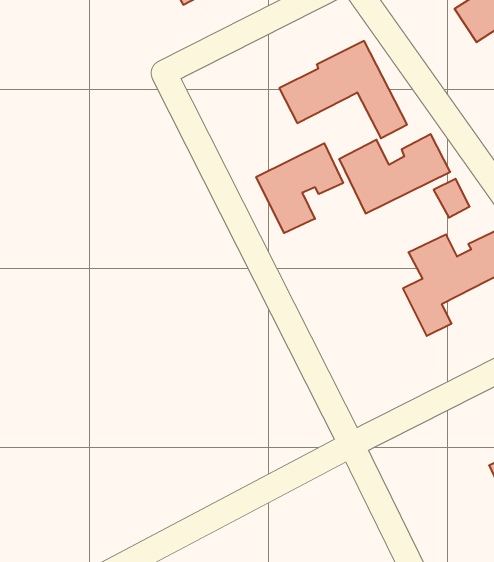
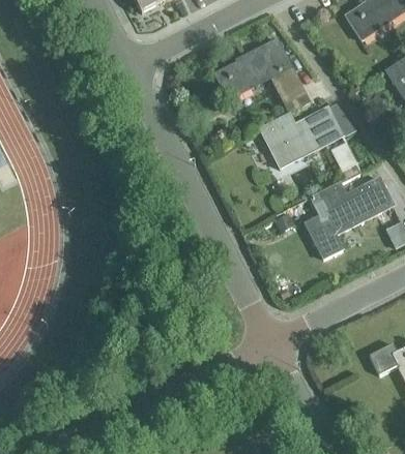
building: [256,143,343,233] -> none

